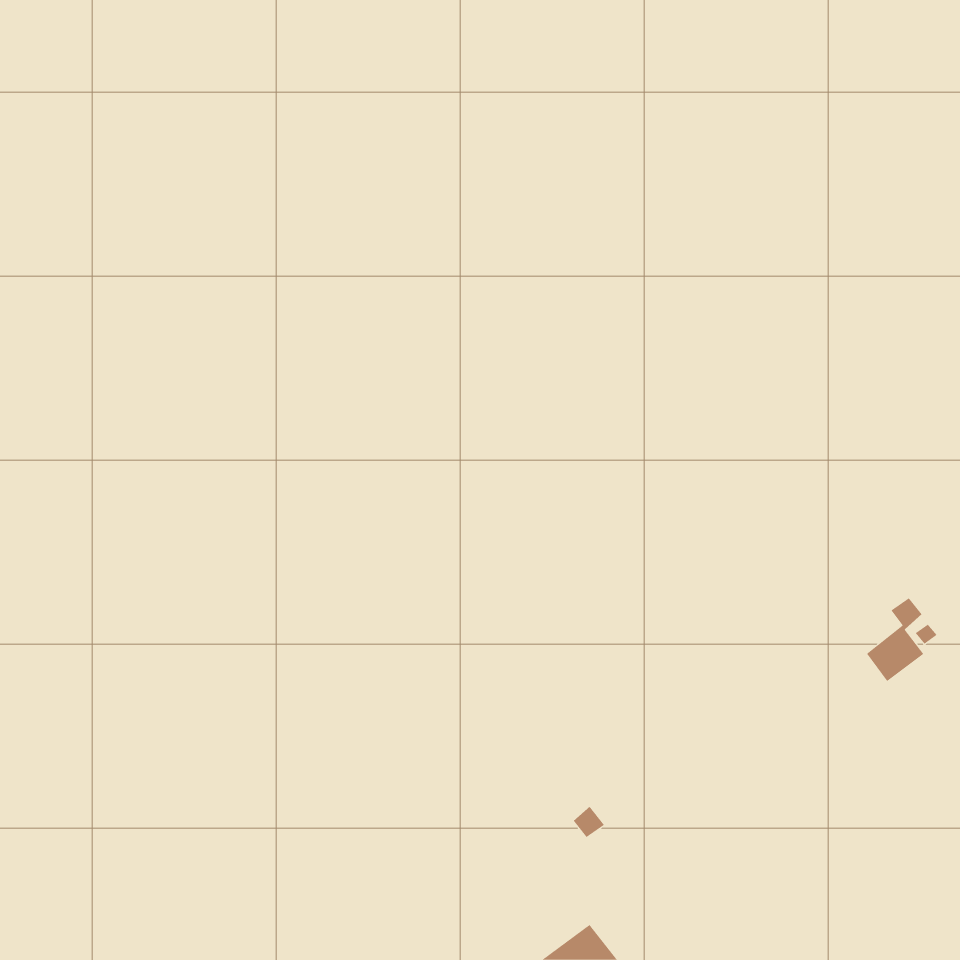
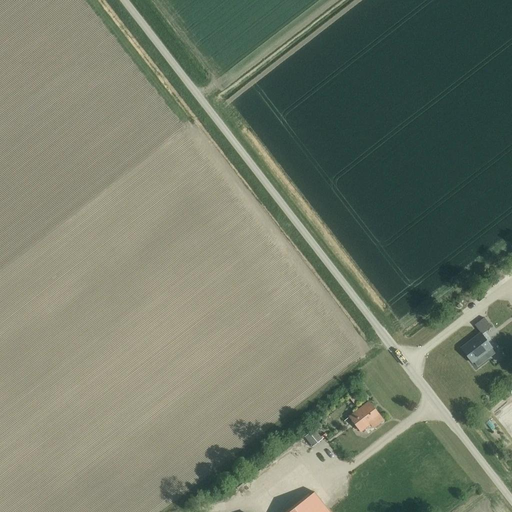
building: none -> [349,402,383,431]

